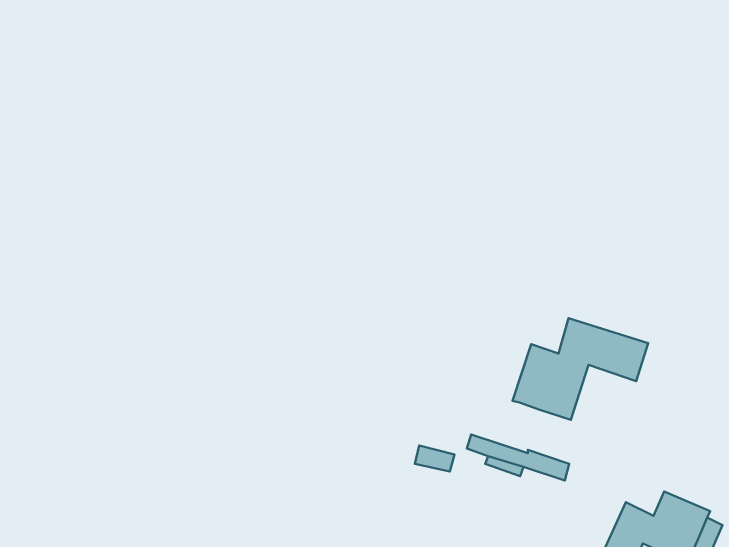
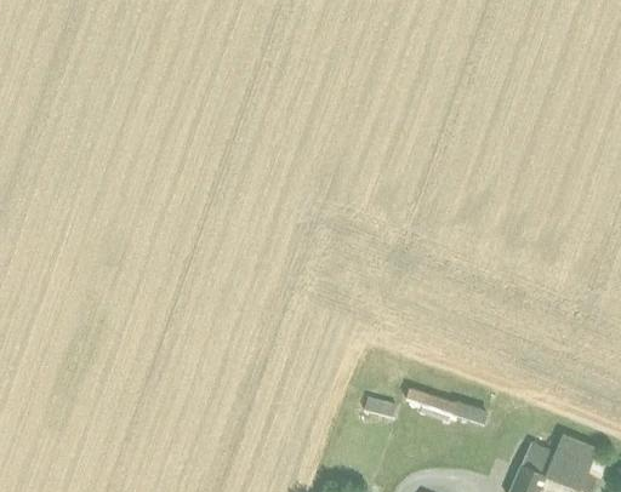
building: [512,318,648,420] -> none

